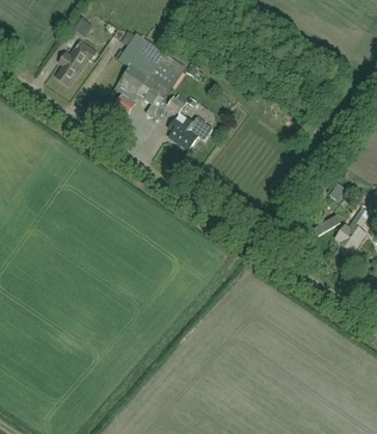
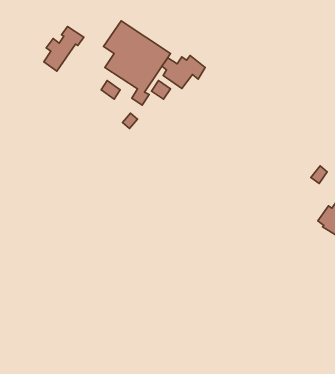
building: [168,116,212,149] -> [162,56,205,88]

